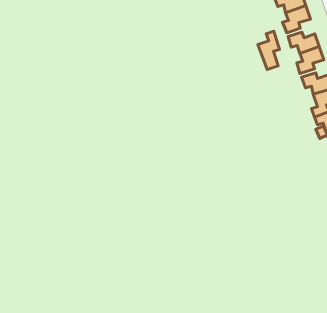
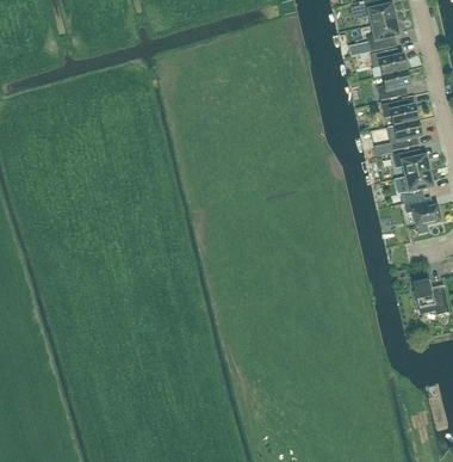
building: [258,31,280,69] -> none

